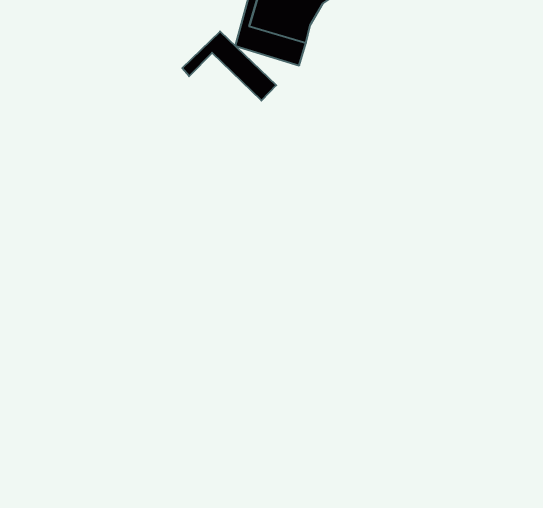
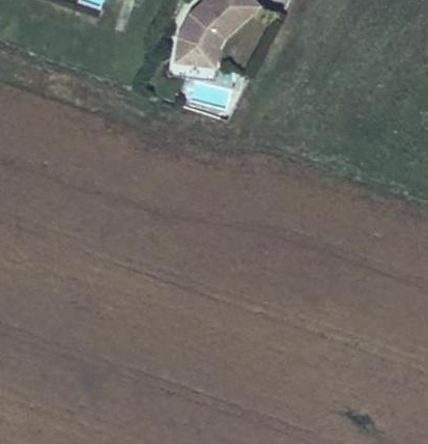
building: [182,31,276,101] -> none

